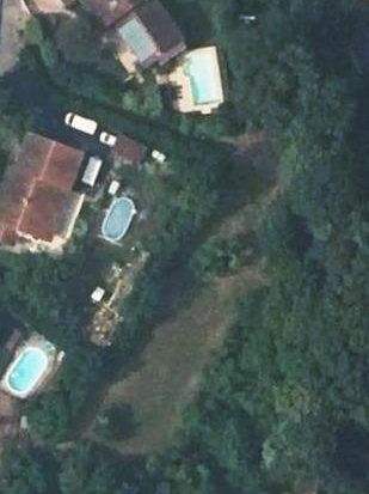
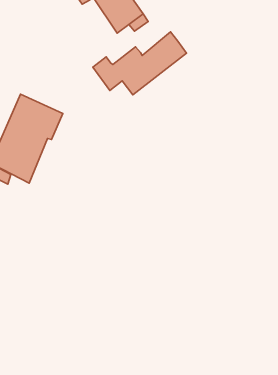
building: none -> [93,32,187,95]

